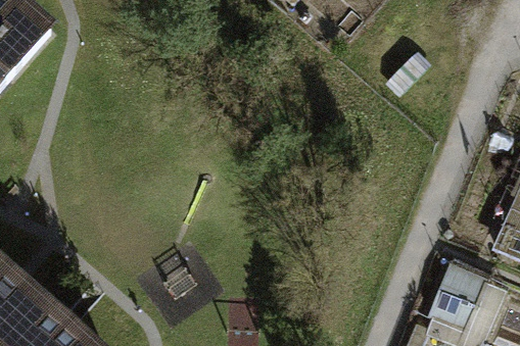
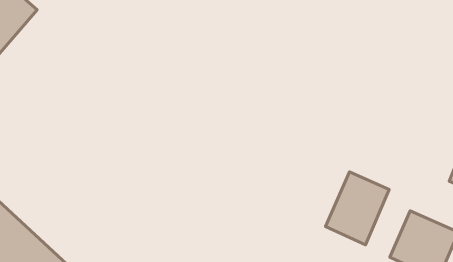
building: none -> [325,172,389,245]

